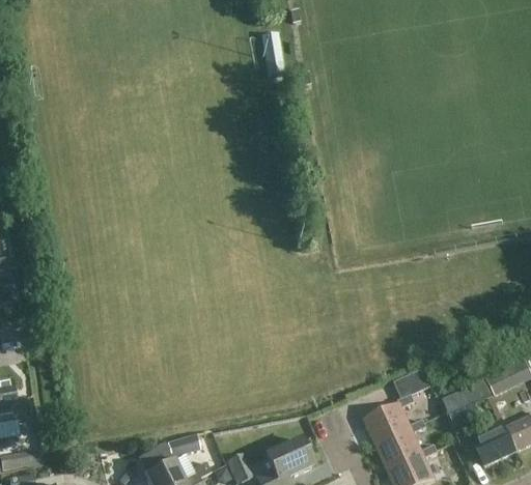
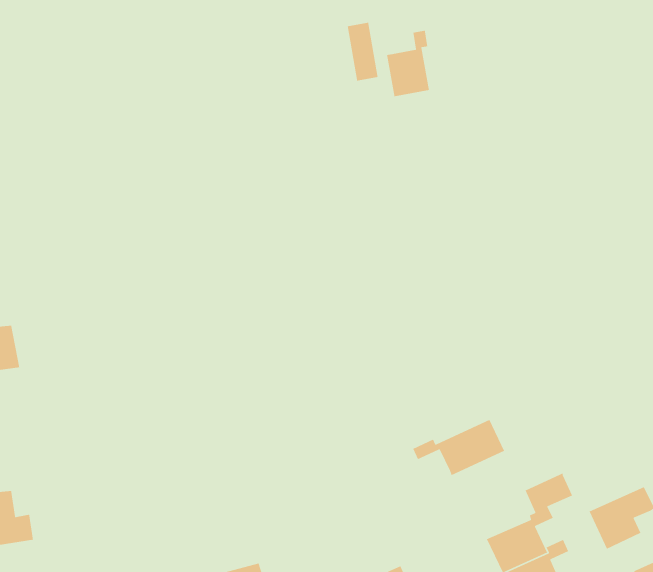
building: none -> [386,30,430,97]
building: none -> [412,419,505,476]

